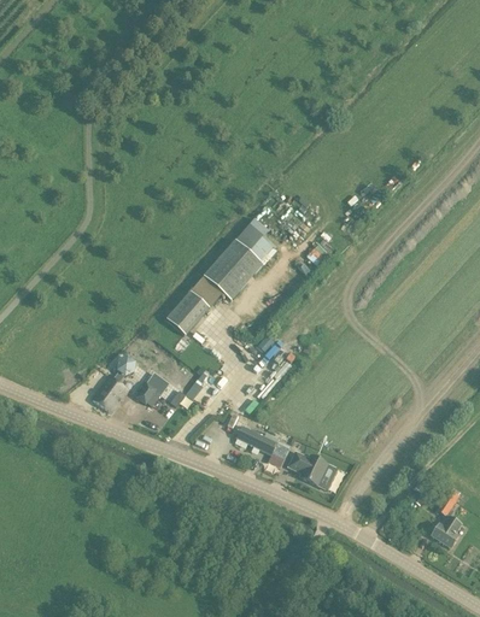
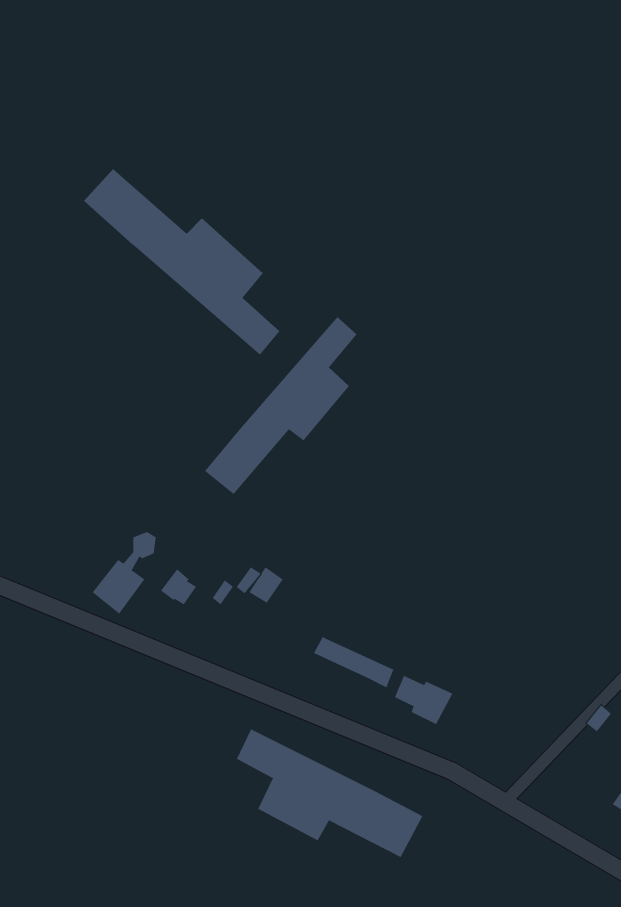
building: none -> [83,168,280,356]
building: none -> [236,728,423,858]

